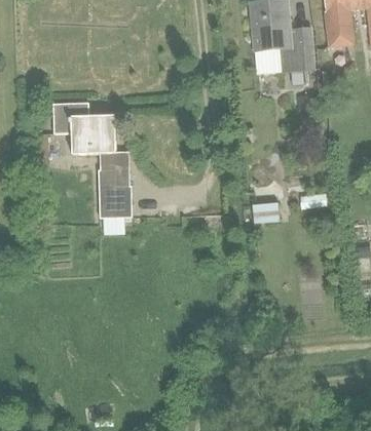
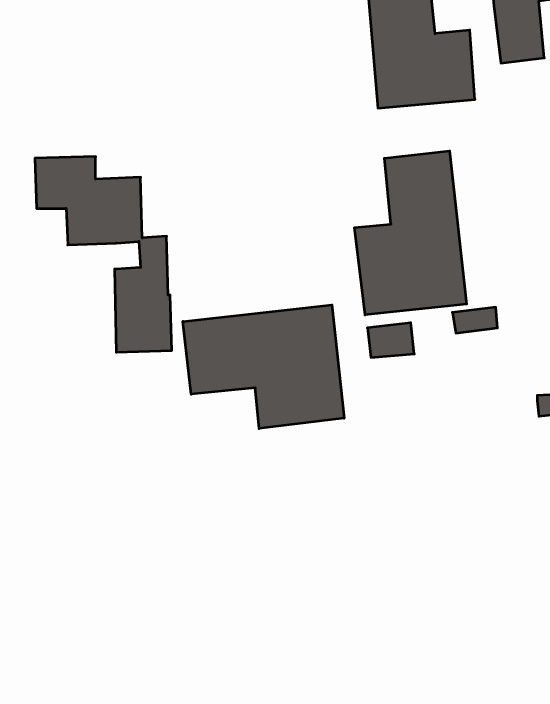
building: none -> [355,151,467,315]
building: none -> [183,305,344,429]

